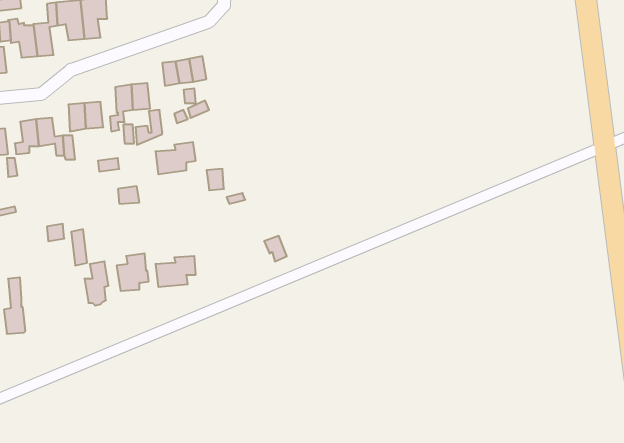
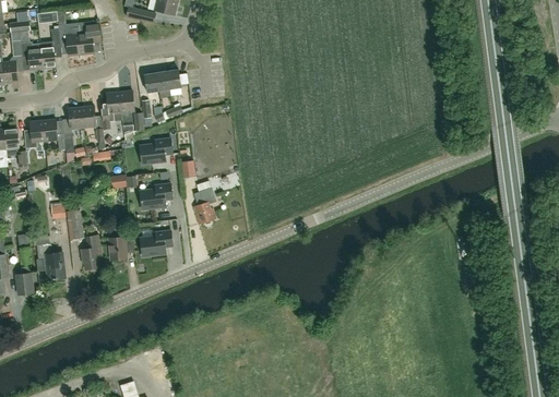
building: none -> [139,184,171,209]
building: none -> [192,188,215,224]
building: none -> [36,244,64,280]

